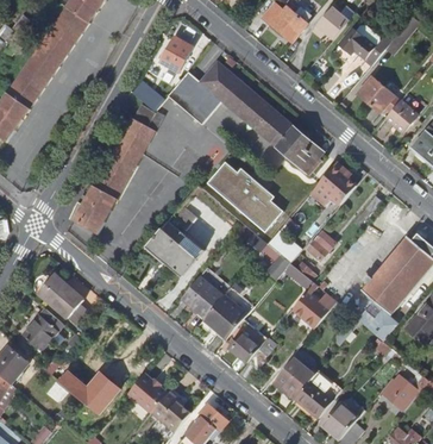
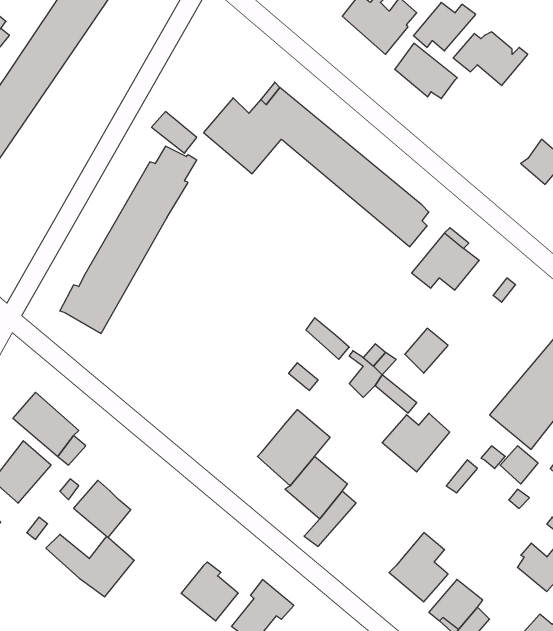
building: [159,35,192,70] -> none
building: [357,75,400,113] -> [395,43,457,99]
building: [205,162,281,232] -> none
building: [144,219,202,273] -> none
building: [182,275,222,315] -> none
building: [272,357,313,396] -> none
building: [127,373,167,412] -> [74,480,131,538]

